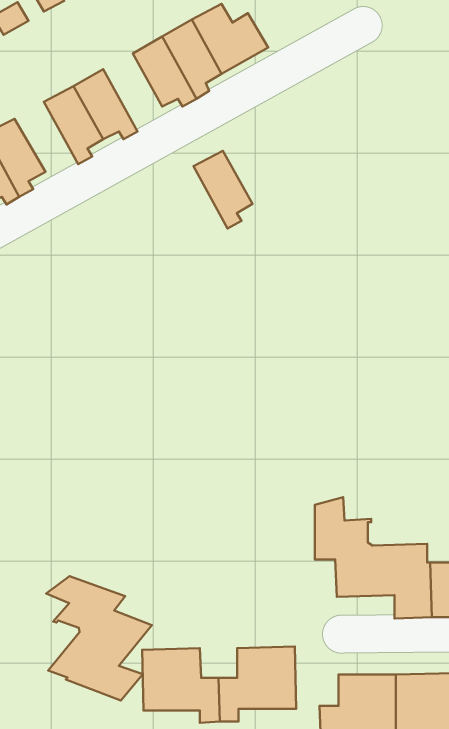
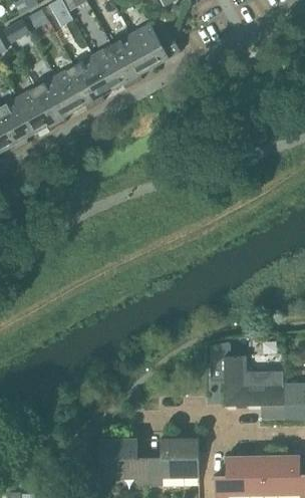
building: none -> [16,85,57,131]
building: [193,151,253,229] -> [73,54,111,104]
building: [46,576,152,700] -> none

